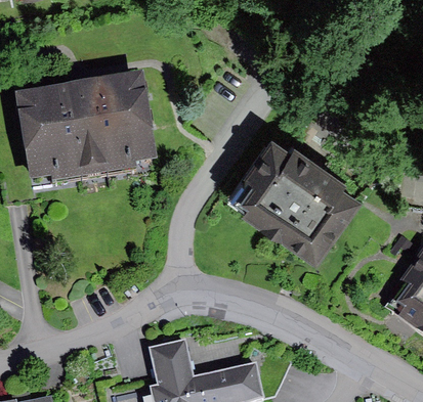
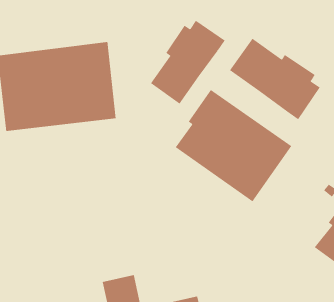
building: none -> [150,20,226,105]
building: none -> [229,38,321,120]

